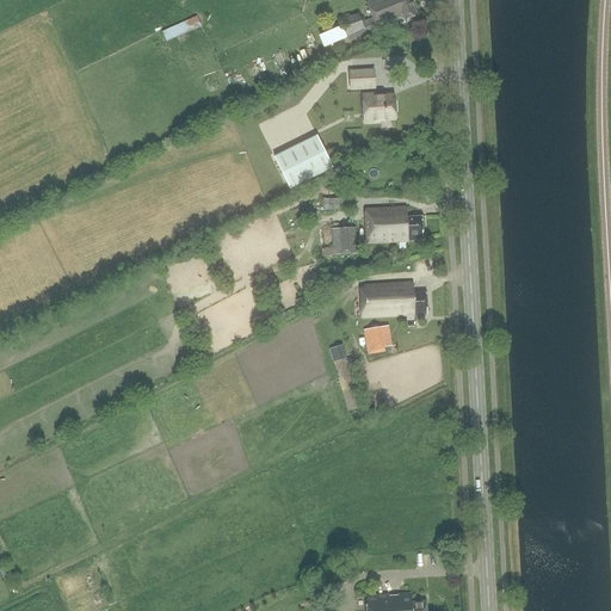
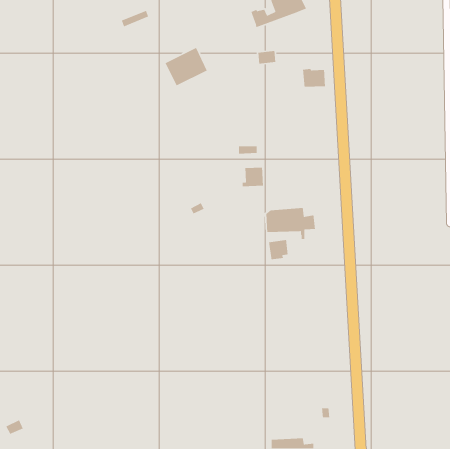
building: [362,92,394,118] -> [302,68,326,88]
building: [273,134,332,187] -> [165,47,208,87]
building: [364,206,421,241] -> none

